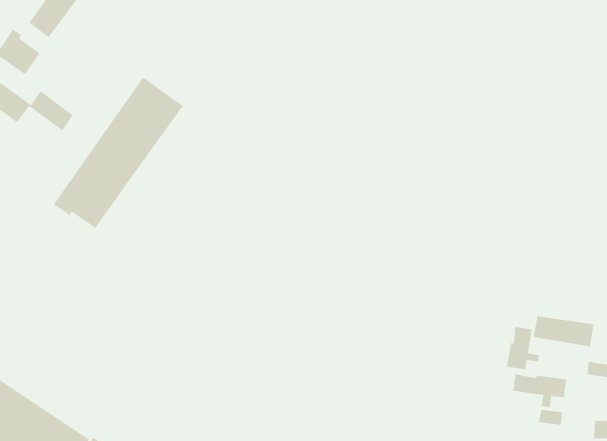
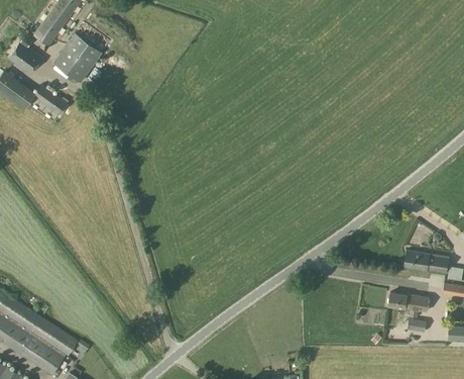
building: none -> [53,34,102,83]
building: [53,77,184,229] -> none
building: [506,326,540,370] -> none

